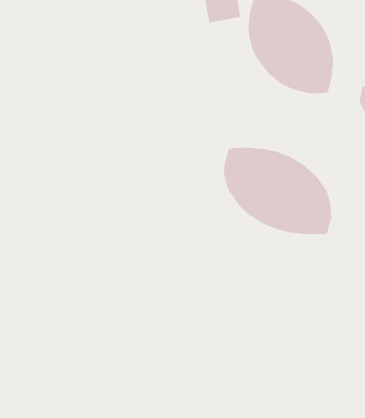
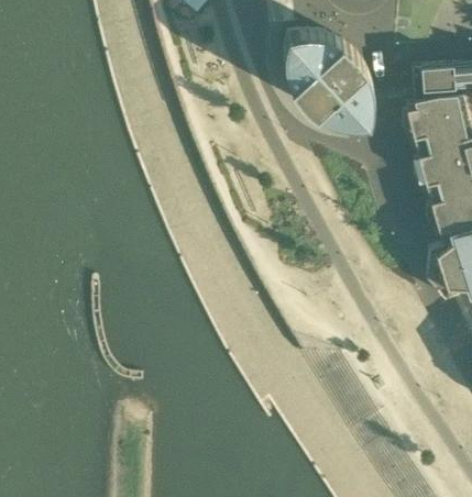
building: [223,147,332,235] -> none

